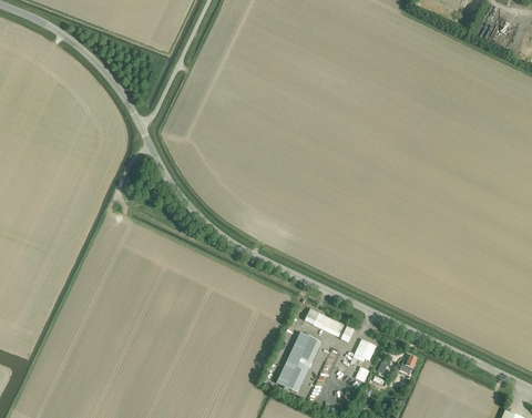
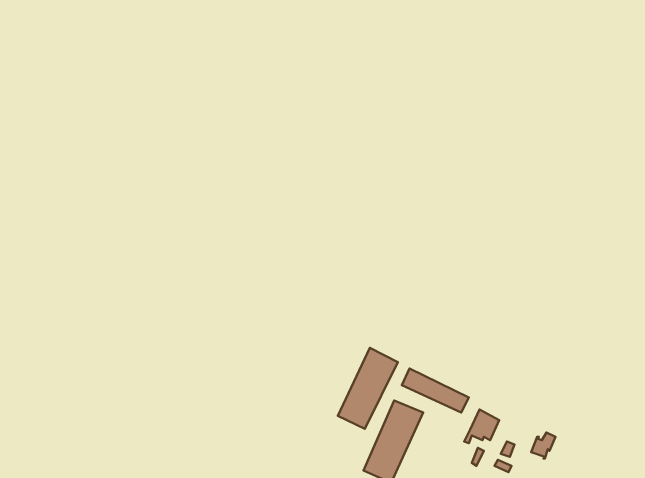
building: none -> [338,348,398,429]

